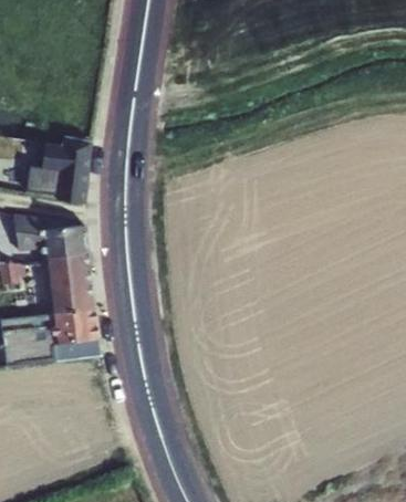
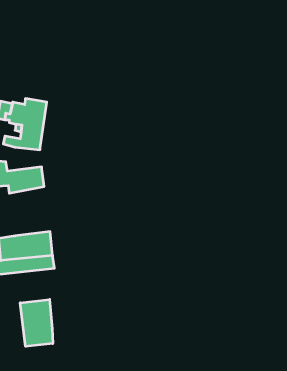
building: [41,248,94,312] -> none
building: none -> [20,299,53,346]

